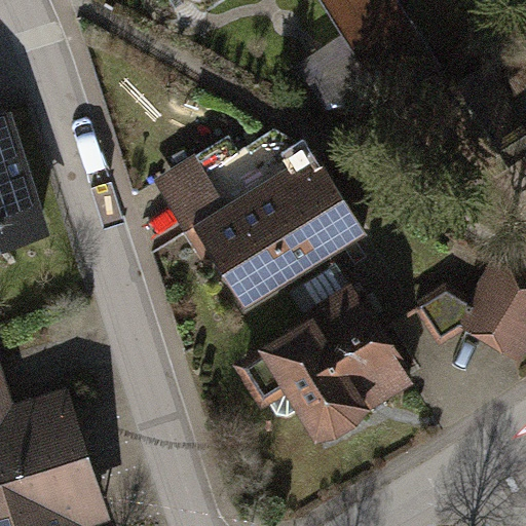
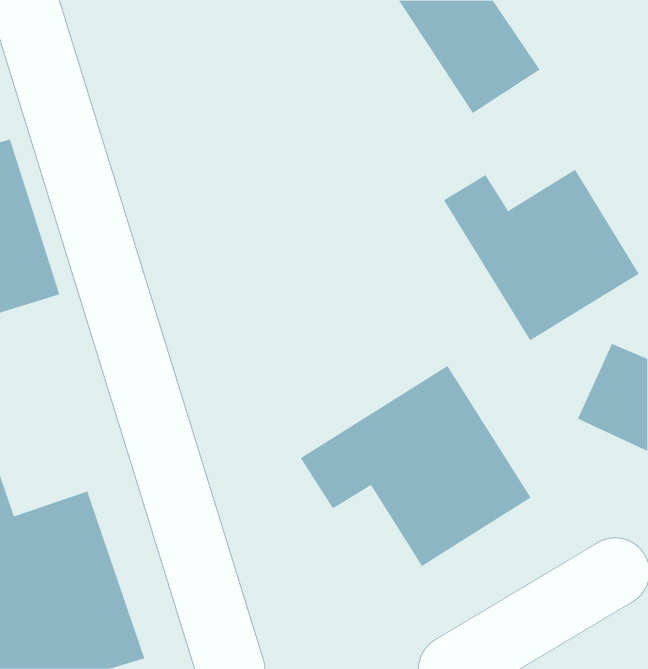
building: none -> [443,169,640,341]
building: [153,151,370,309] -> none

